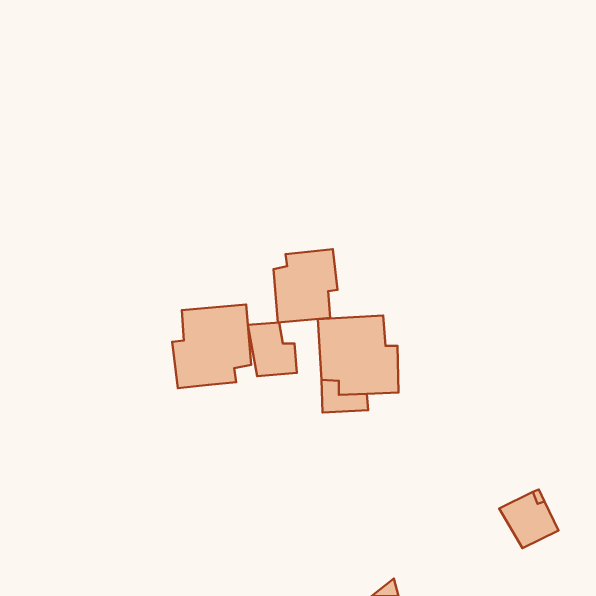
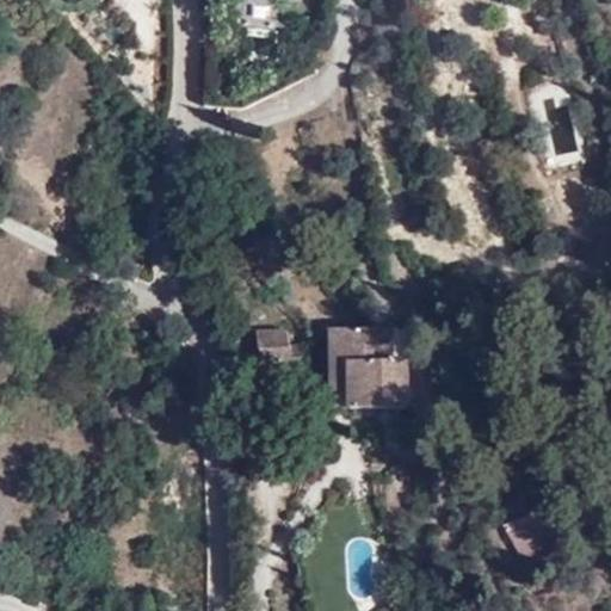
building: [273,249,338,323] -> none
building: [172,304,251,388] -> none

